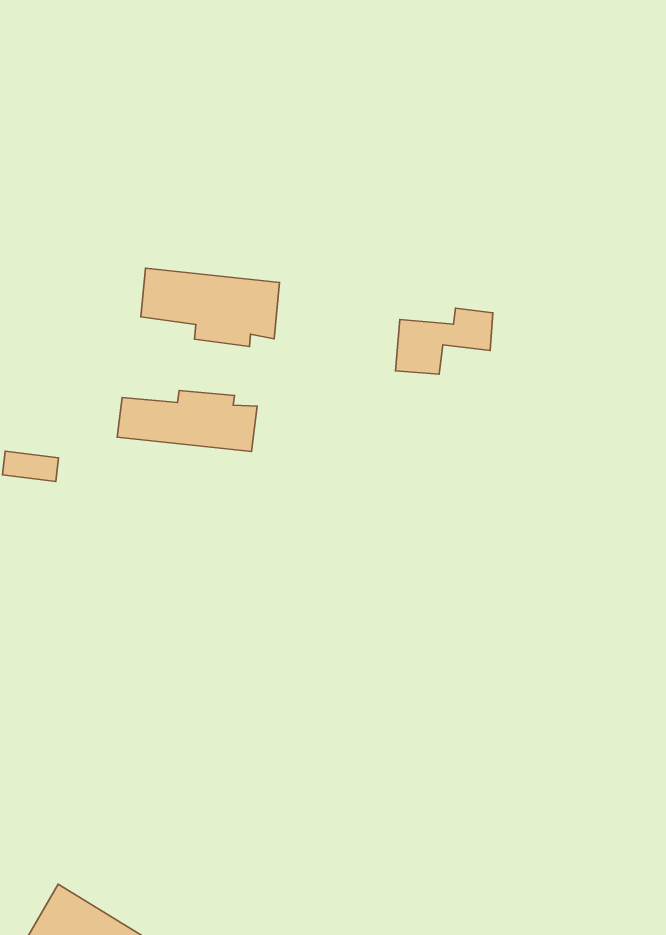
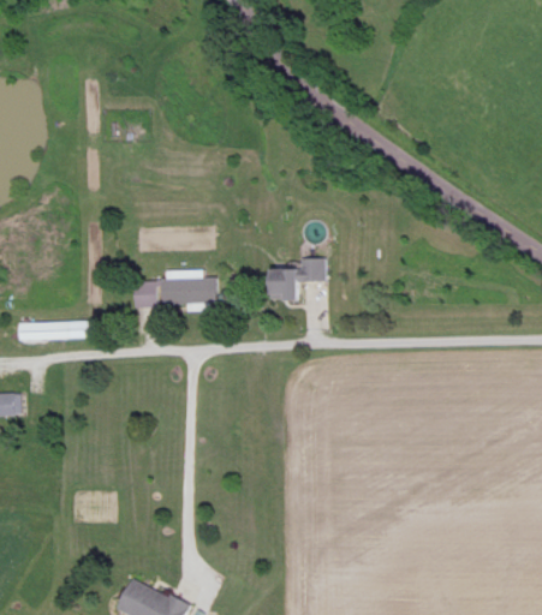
building: [141,268,279,346] -> none
building: [396,308,493,374] -> [268,258,324,300]

